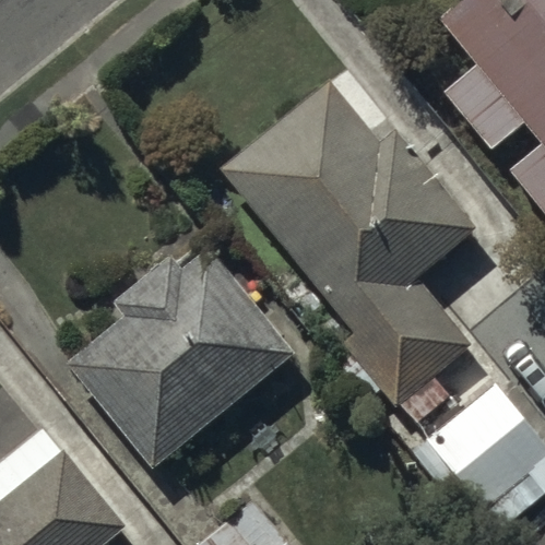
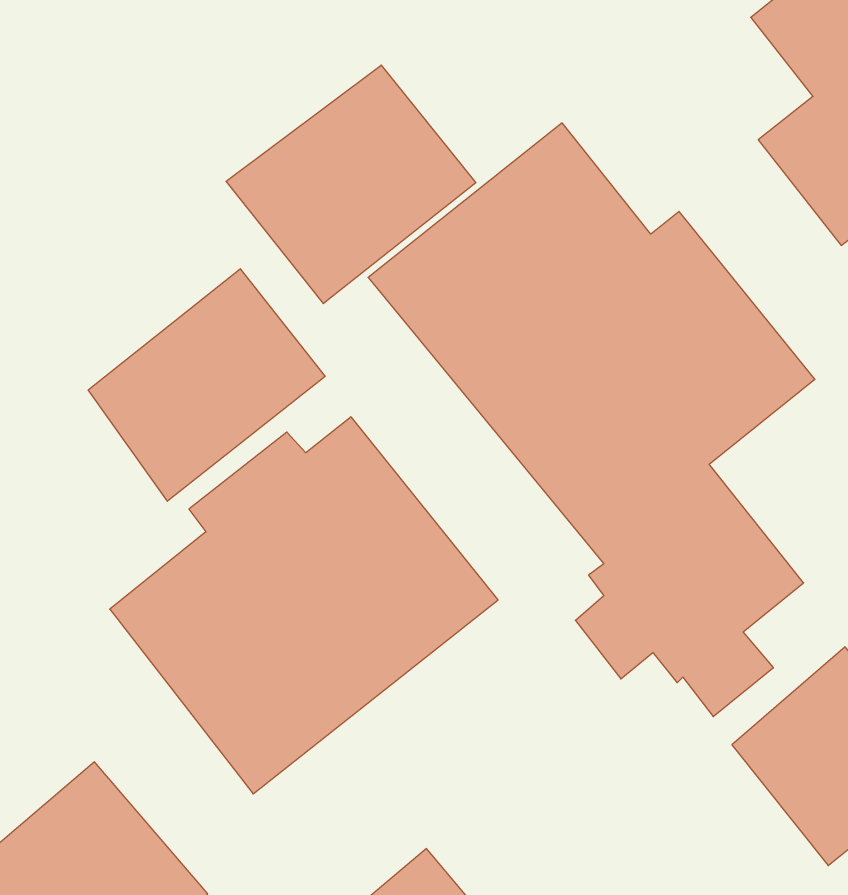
building: none -> [226,65,476,304]
building: none -> [88,269,325,501]

